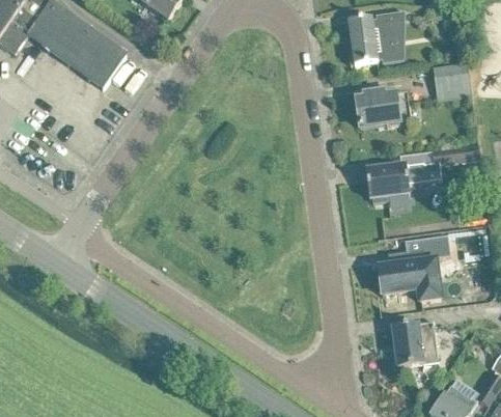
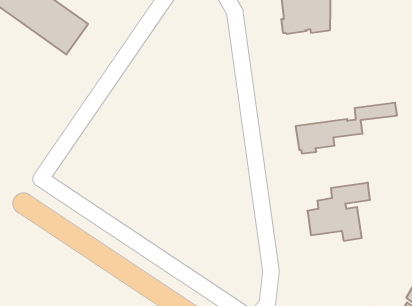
building: [433,64,470,99] -> none
building: [355,89,410,127] -> none
building: [387,321,437,368] -> none

